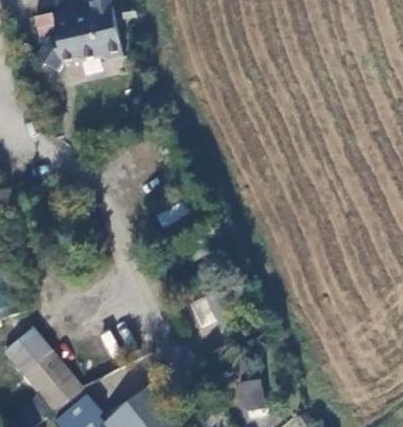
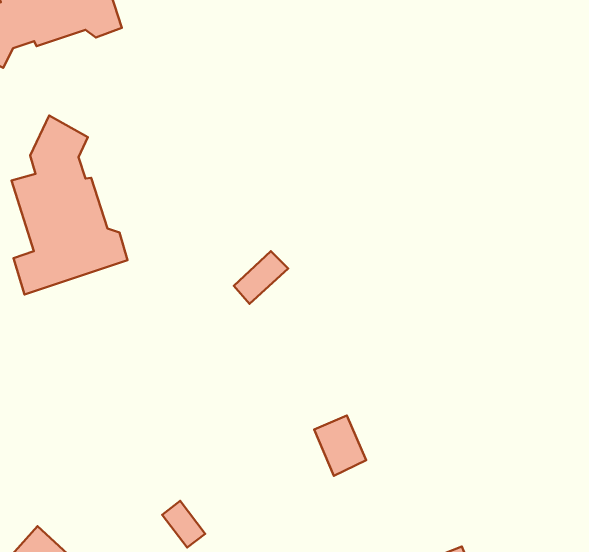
building: none -> [11,116,128,295]

